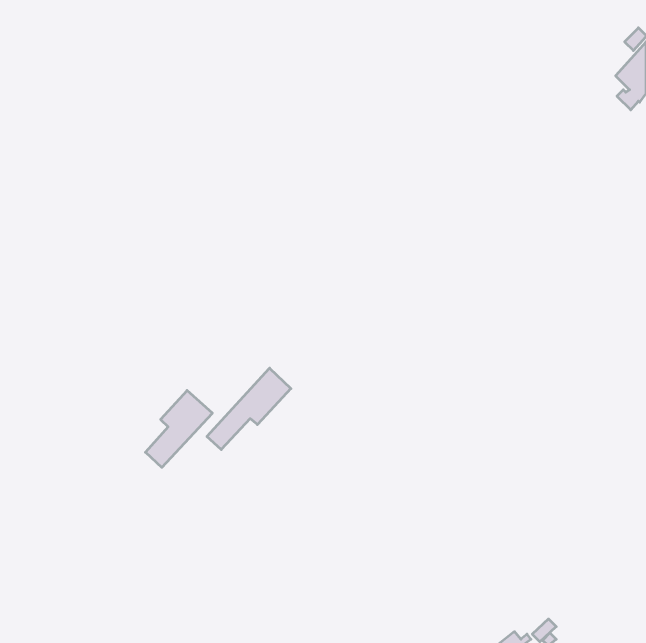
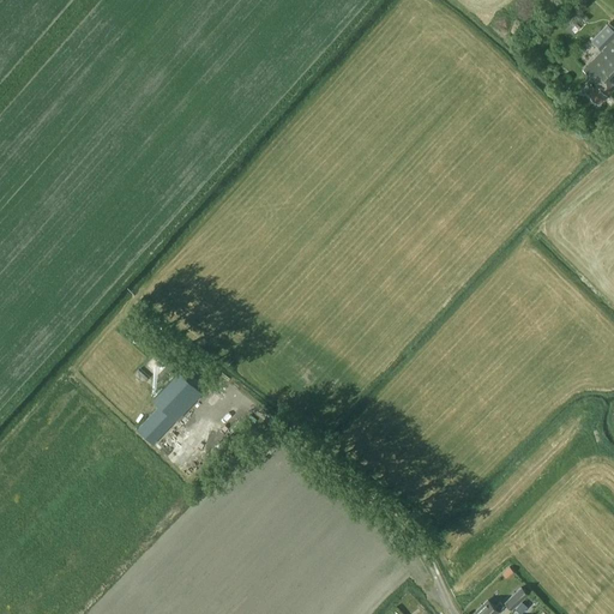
building: [207,368,291,450] -> none

